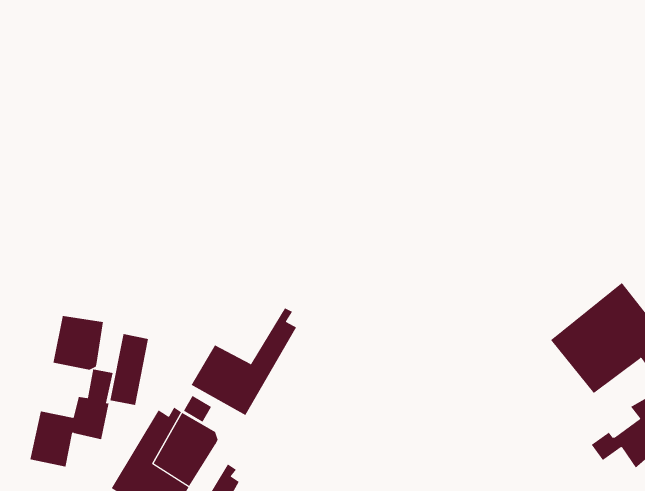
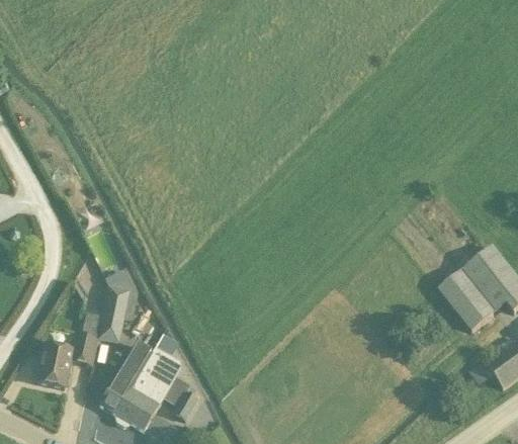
building: [191,307,297,416] -> none
building: [53,315,104,370] -> none

